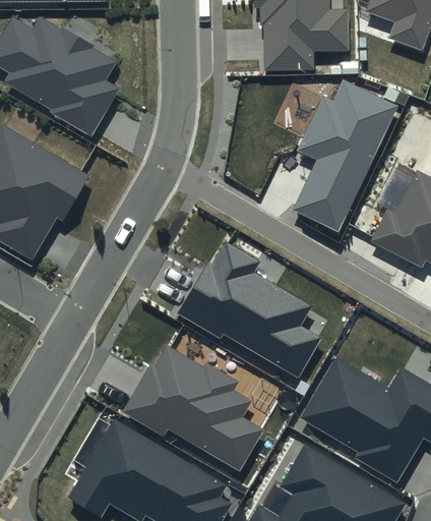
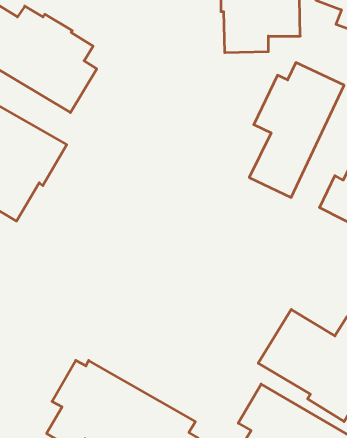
building: [177,242,322,379] -> none
building: [123,344,264,470] -> none

